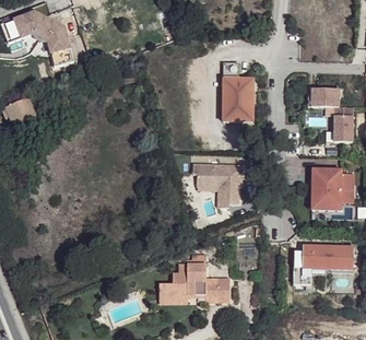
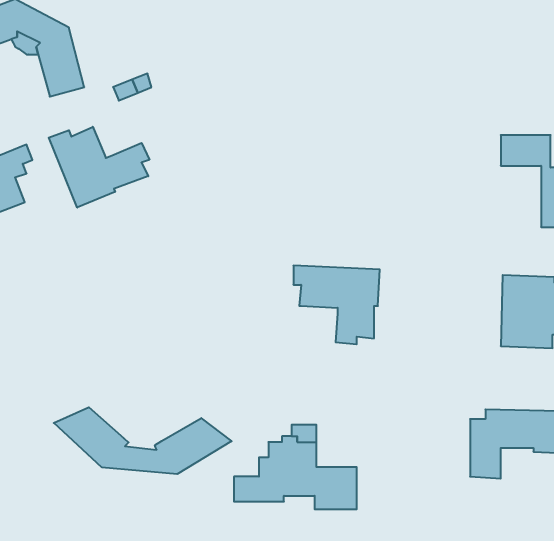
building: [224,62,255,121] -> none
building: none -> [49,127,149,208]
building: none -> [54,407,232,474]

